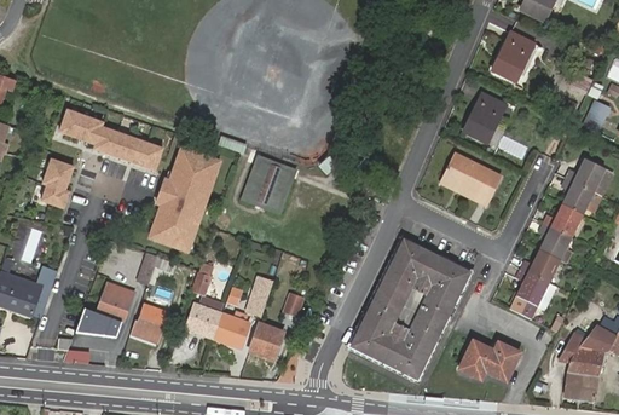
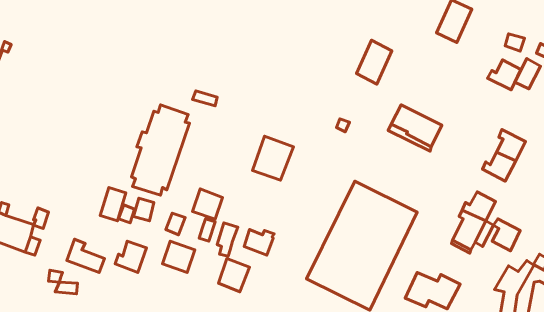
building: [464,92,504,142] -> [356,40,392,84]
building: [59,110,163,169] -> none
building: [567,157,604,191] -> [488,60,521,90]
building: [41,158,73,208] -> none
building: [243,158,289,208] -> [253,136,293,180]
building: [11,220,42,259] -> none
building: [539,223,571,259] -> [492,219,520,251]
building: [94,276,134,323] -> none
building: [213,313,247,347] -> [193,189,223,219]

